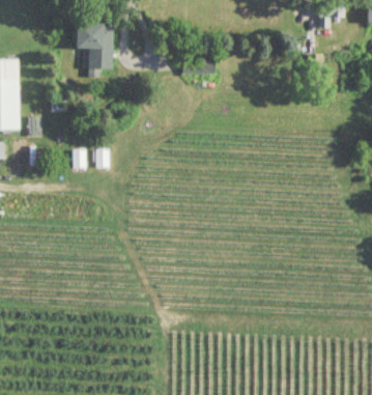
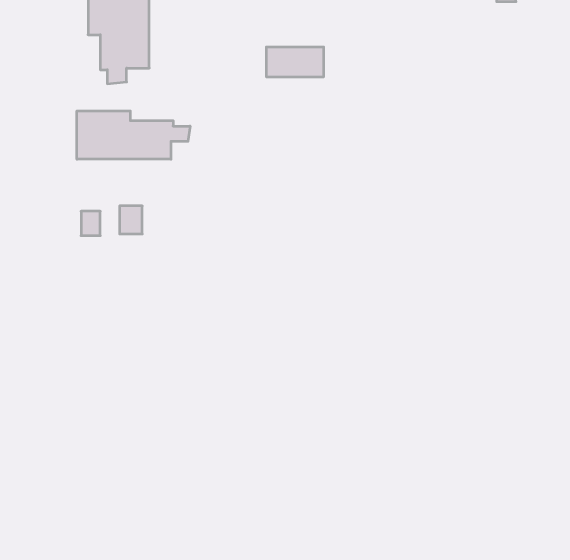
building: none -> [77,111,190,159]

